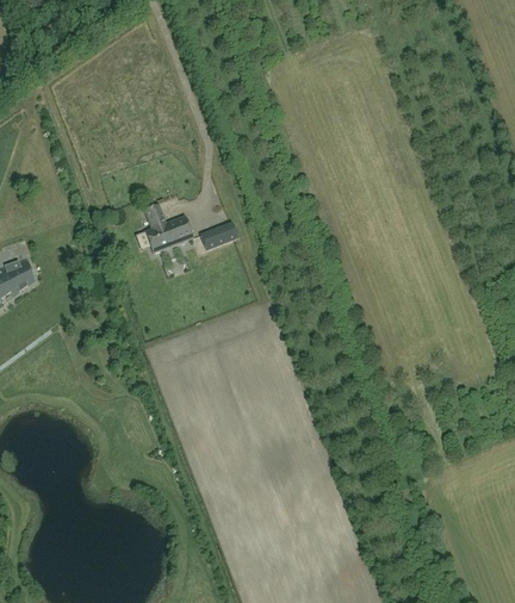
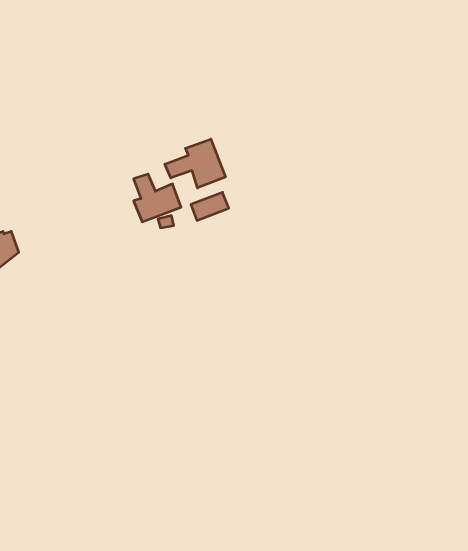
building: none -> [165,139,225,188]

